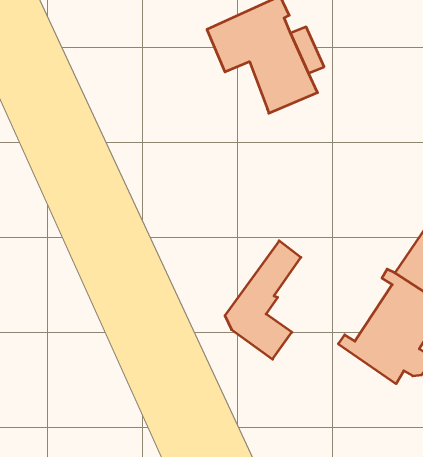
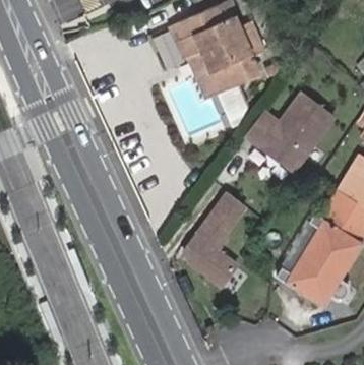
building: none -> [187,51,221,97]
building: none -> [249,88,338,167]

